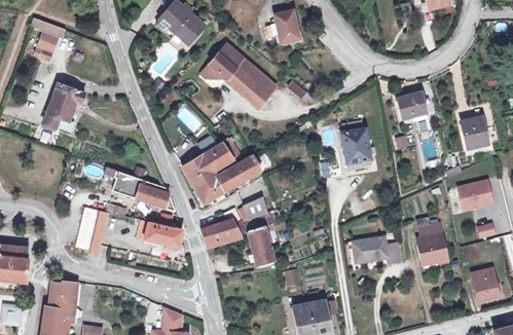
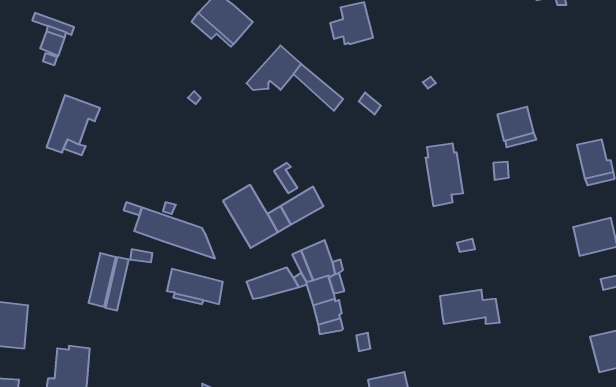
building: [225,67,269,108] -> none
building: [204,143,233,172] -> none
building: [418,223,448,261] -> none

